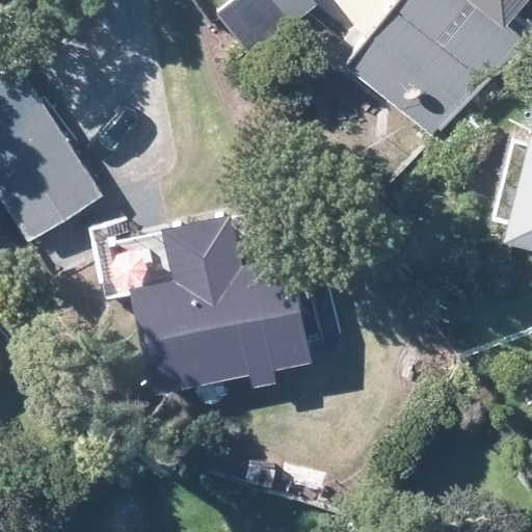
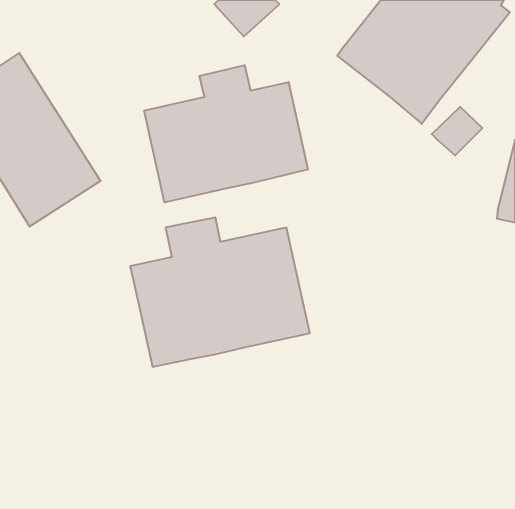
building: none -> [144,65,308,202]

